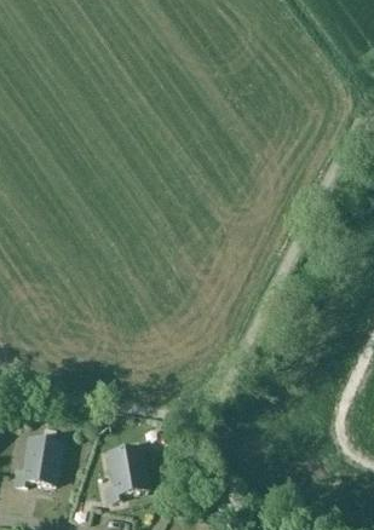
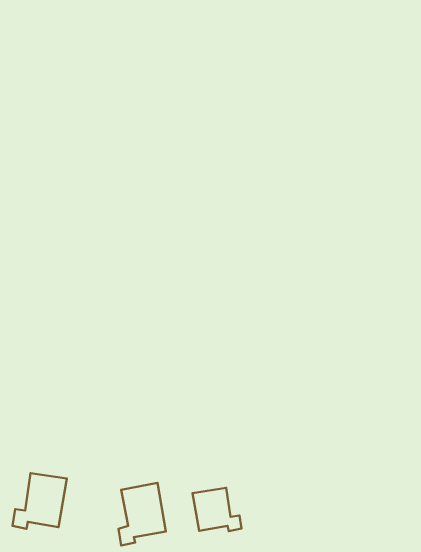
building: none -> [193,488,242,531]

